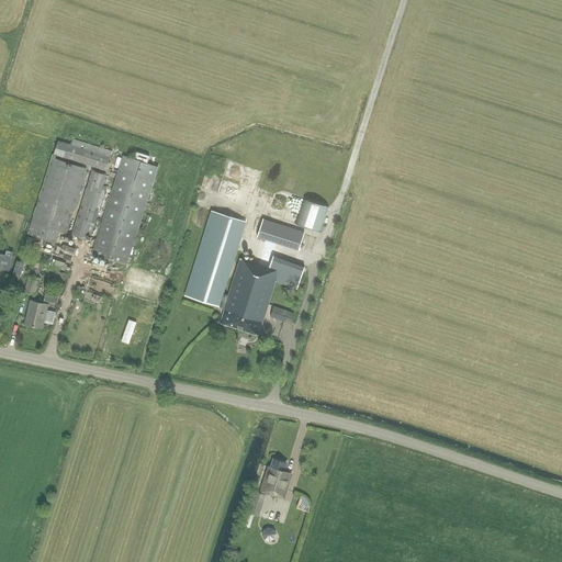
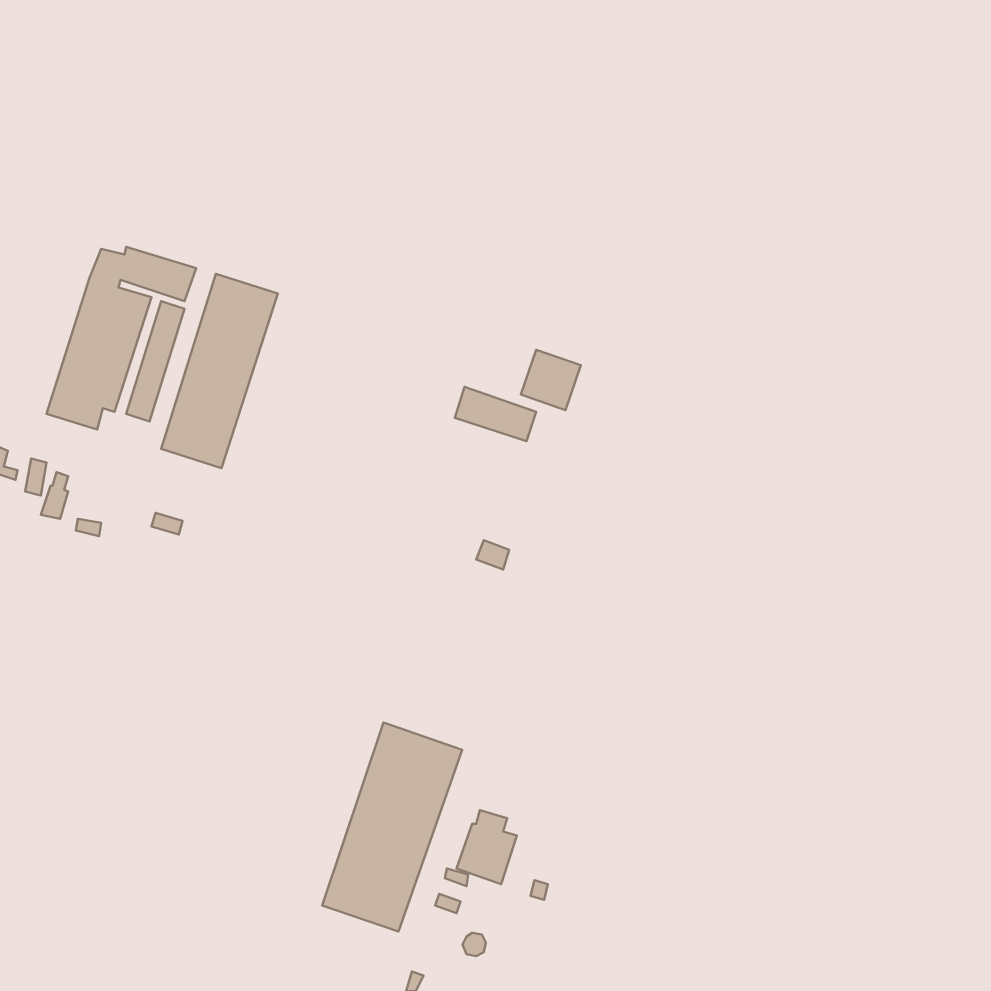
building: [184,210,304,334] -> none
building: [24,300,46,328] -> none
building: none -> [322,723,462,931]

